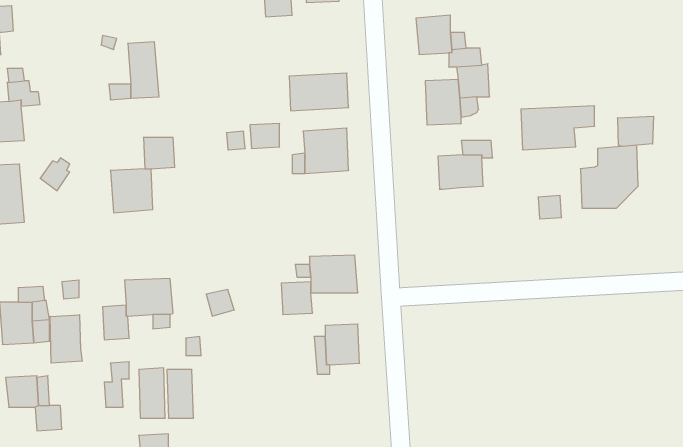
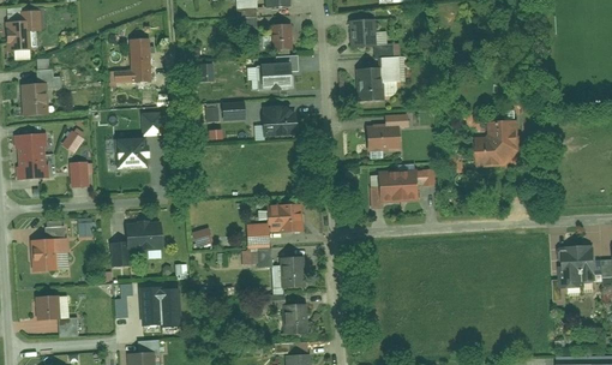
building: none -> [269,24,293,50]
building: [521,106,595,150] -> [379,168,436,202]
building: [618,116,653,146] -> none
building: none -> [70,161,92,187]
building: [50,315,82,363] -> none
building: none -> [282,303,308,333]

